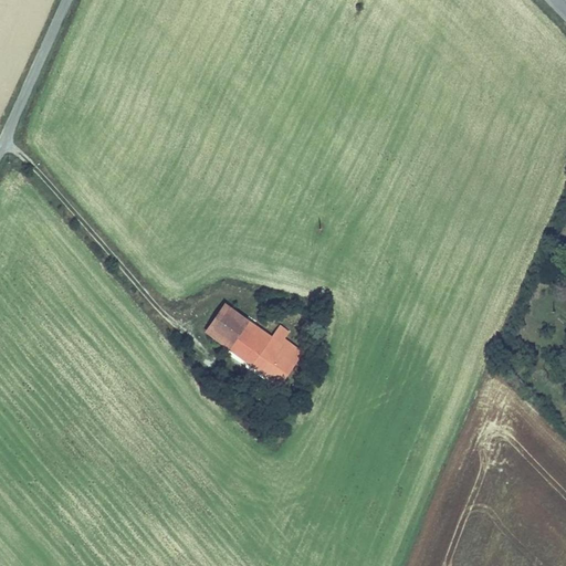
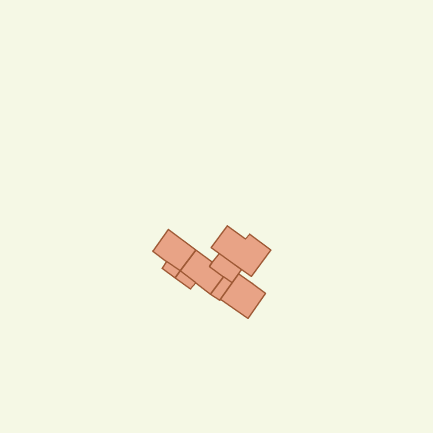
building: none -> [211,226,271,276]
building: none -> [221,274,265,318]

